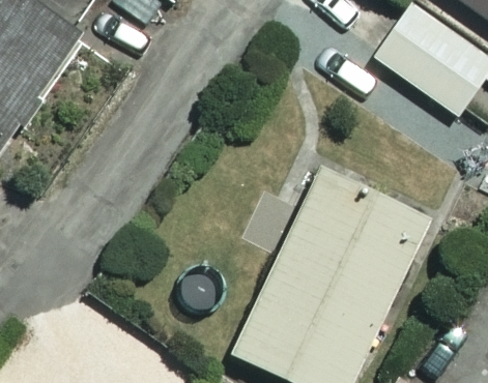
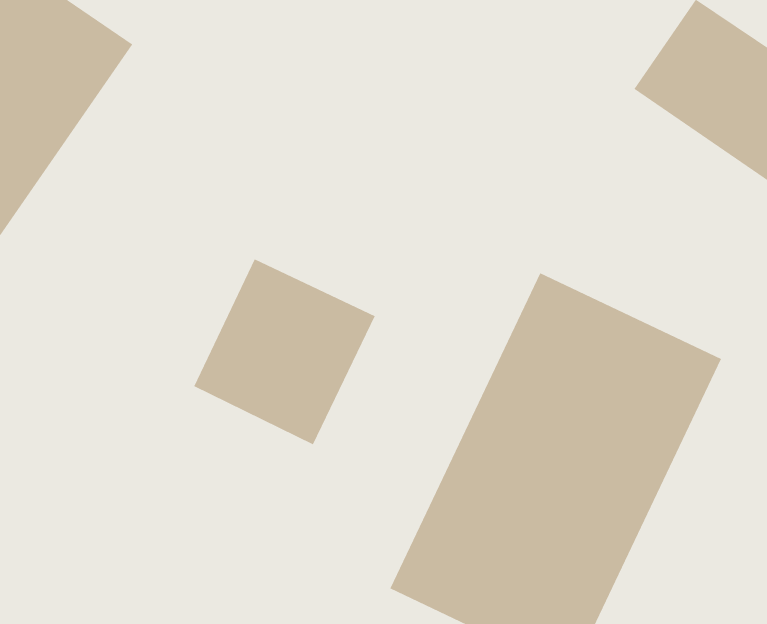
building: none -> [194,258,375,445]

